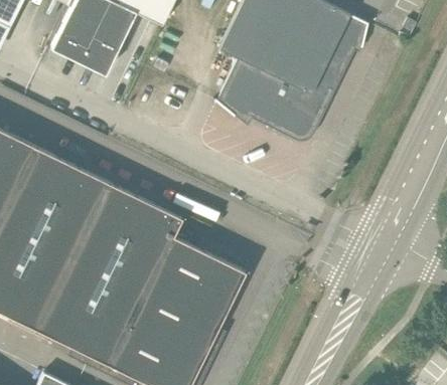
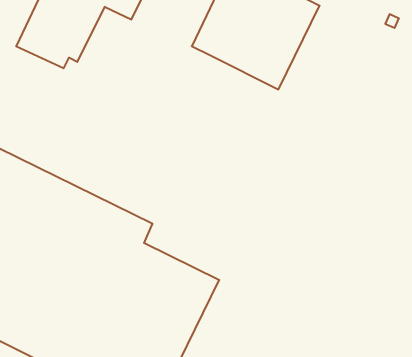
building: [214,11,366,142] -> none

